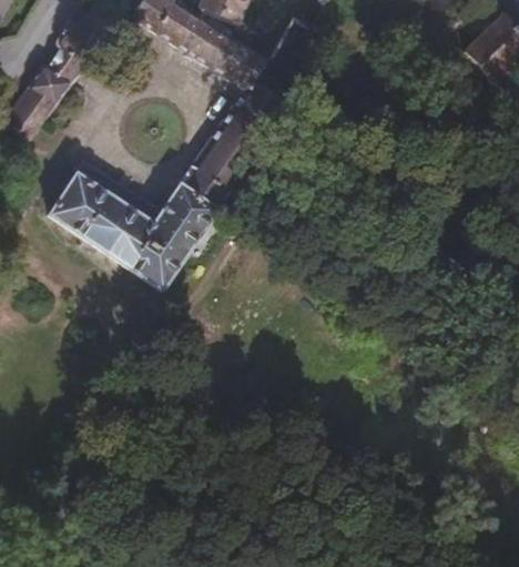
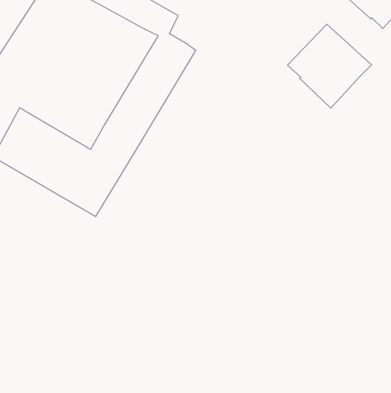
building: none -> [288,24,371,108]

